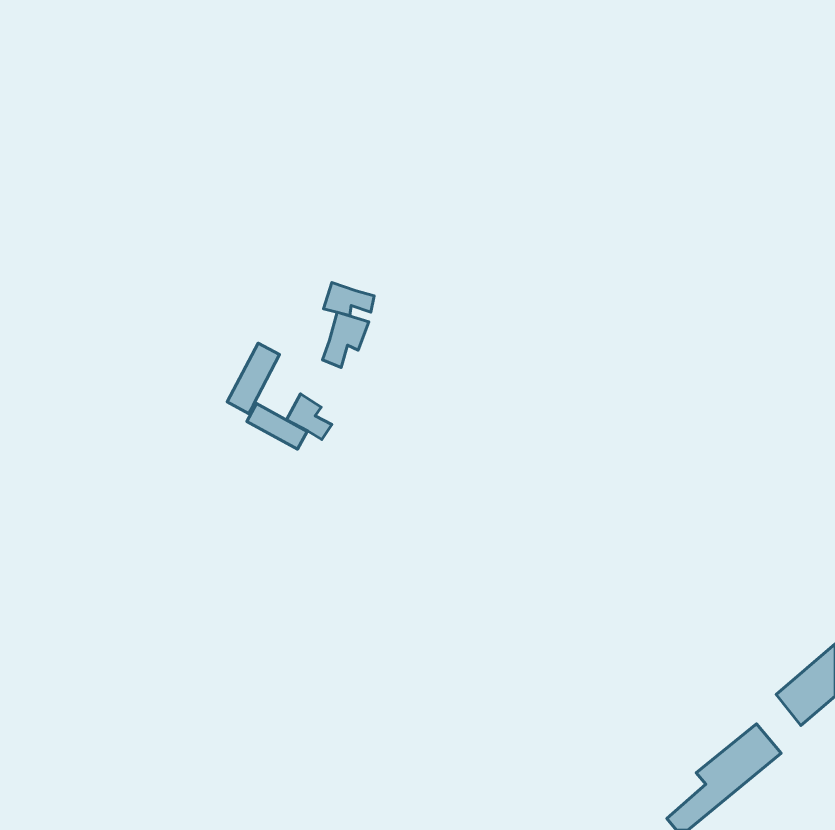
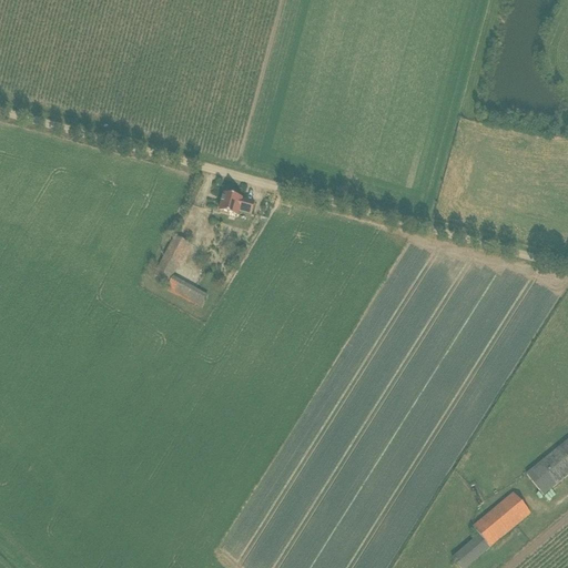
building: [323,312,369,367] -> none
building: [286,394,332,439] -> none

